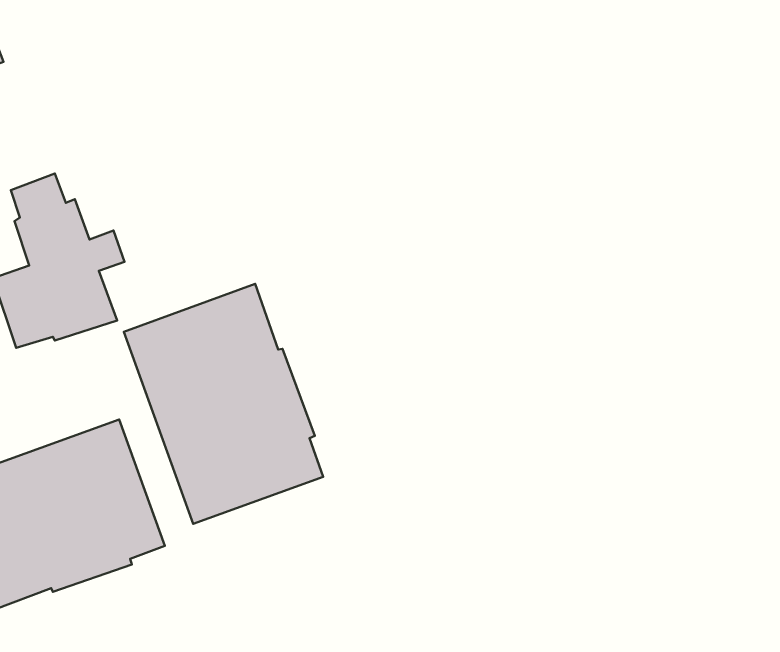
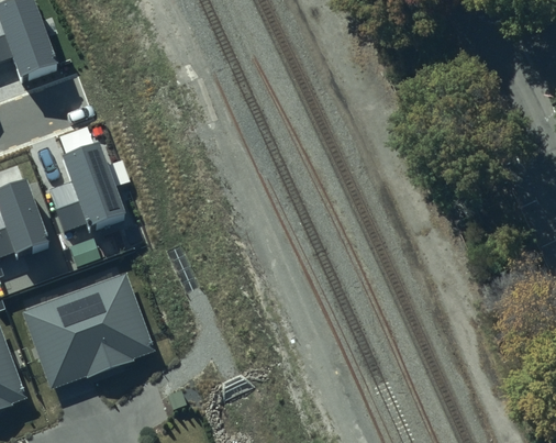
building: [124,284,323,524] -> none

